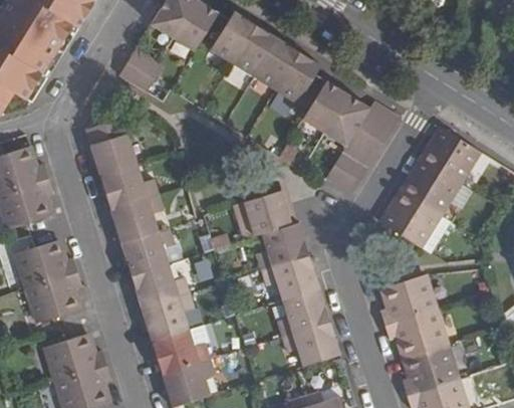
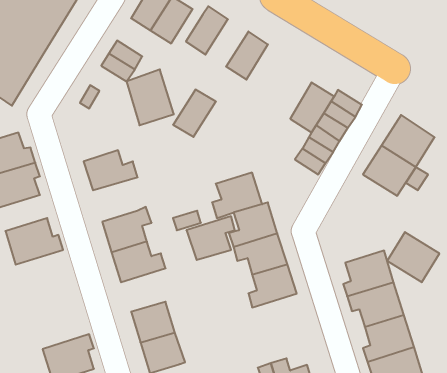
building: [232,24,278,75] -> [173,90,216,137]
building: [276,51,321,103] -> none
building: [303,80,346,132] -> none
building: [86,118,138,178] -> [126,69,174,125]
building: [382,192,439,246] -> [387,232,439,282]
building: [110,195,164,243] -> none
building: [27,273,82,323] -> none
building: [141,293,193,341] -> [186,216,235,260]
building: [282,321,341,366] -> none
building: [45,333,106,381] -> none

